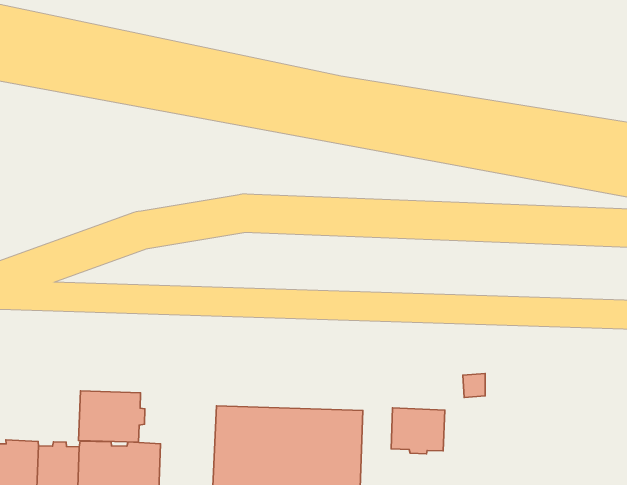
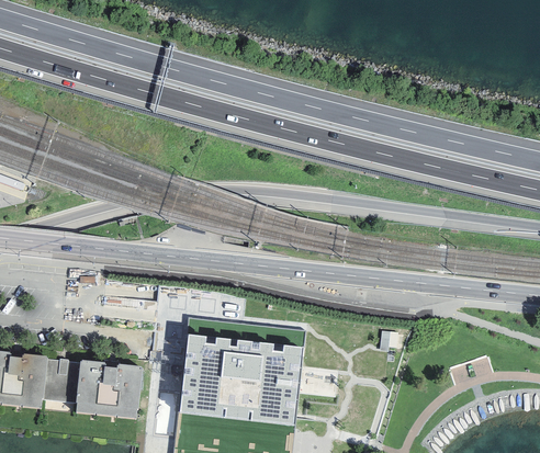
building: [78,391,145,442] -> none
building: [391,408,445,454] -> none

